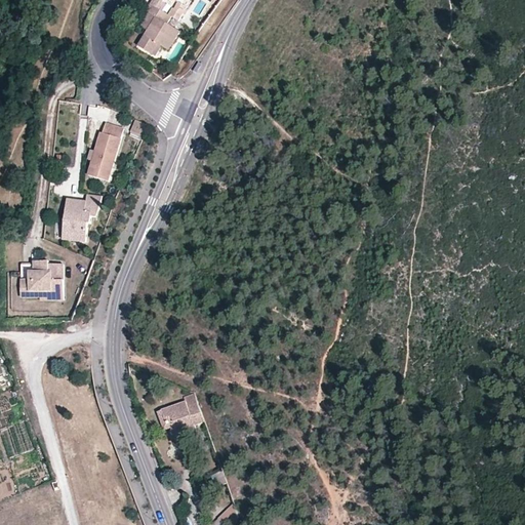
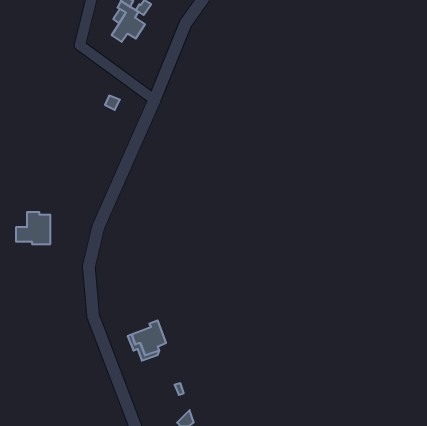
building: [86,121,122,179] -> none
building: [62,193,100,240] -> none

